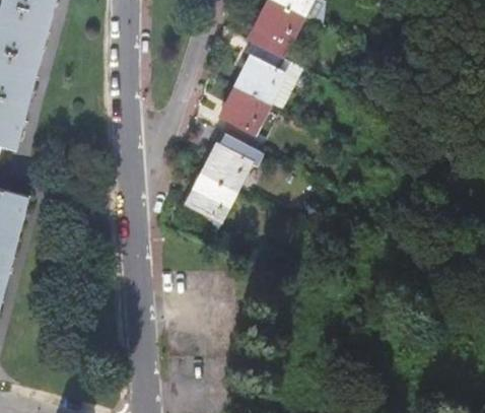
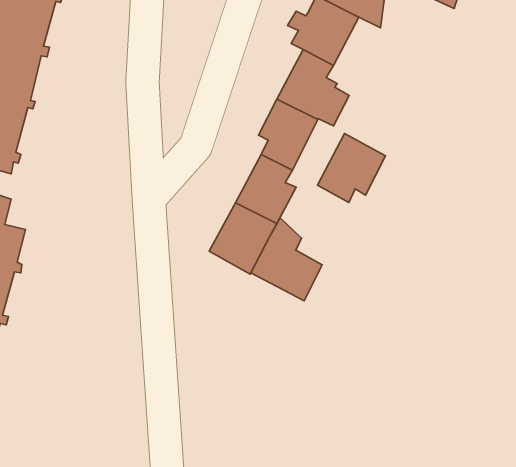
building: none -> [317,133,386,202]
building: none -> [251,218,322,301]

